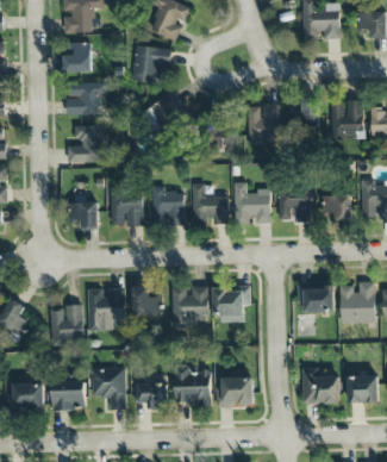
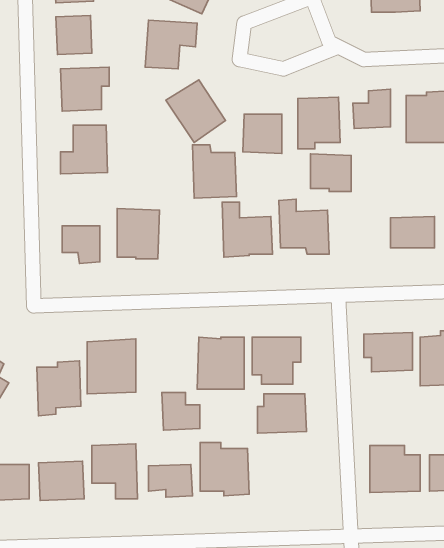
building: [151,187,185,227] -> [192,145,236,198]
building: [279,194,310,223] -> [310,154,351,191]
building: [132,287,161,316] -> [162,392,200,430]
building: [217,377,254,407] -> [258,394,306,433]

